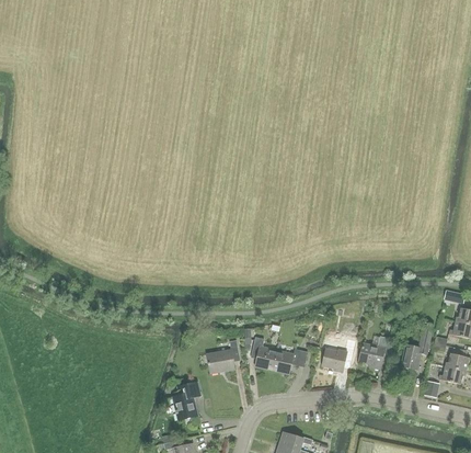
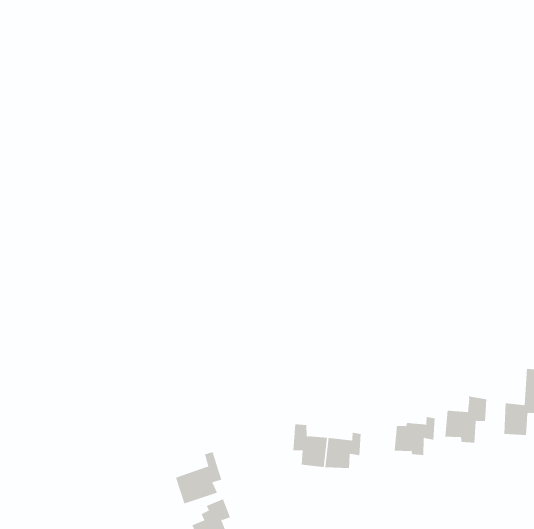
building: [207,340,240,374] -> [175,451,222,504]

